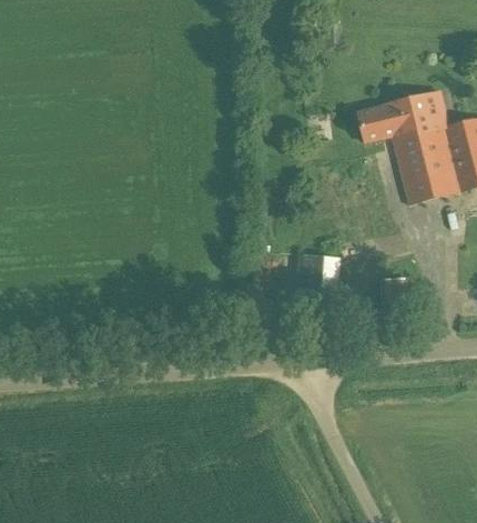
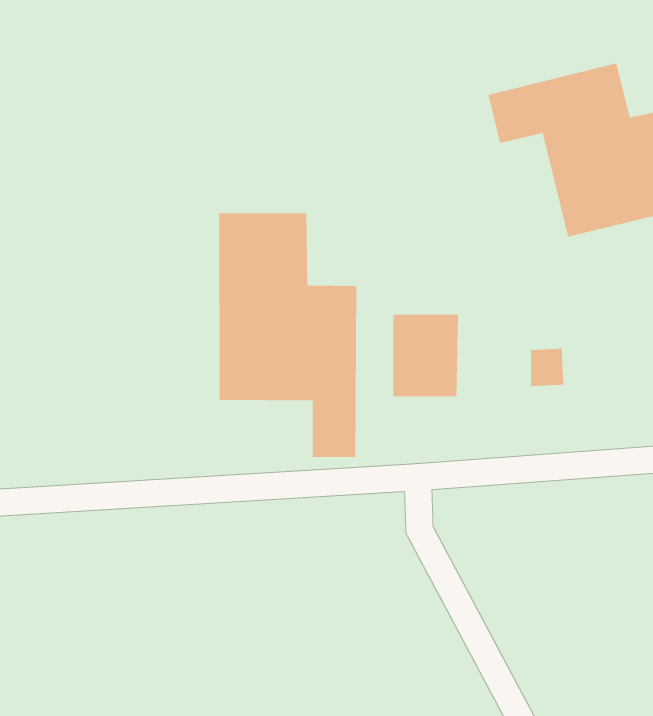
building: none -> [219,213,357,458]

